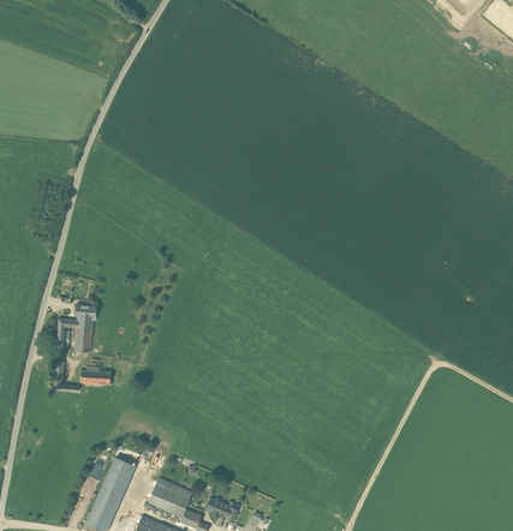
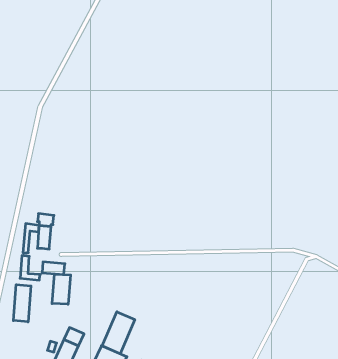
building: none -> [52,274,71,304]
building: none -> [13,285,31,322]
building: none -> [102,312,135,354]

